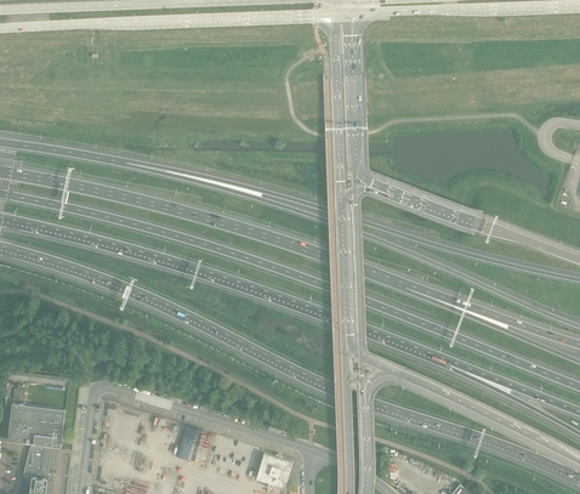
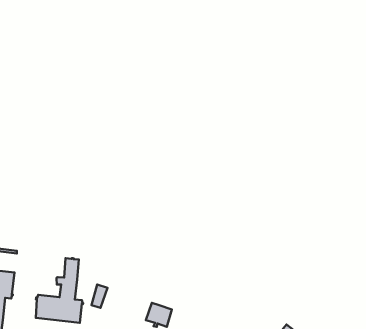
building: none -> [36,258,83,323]

